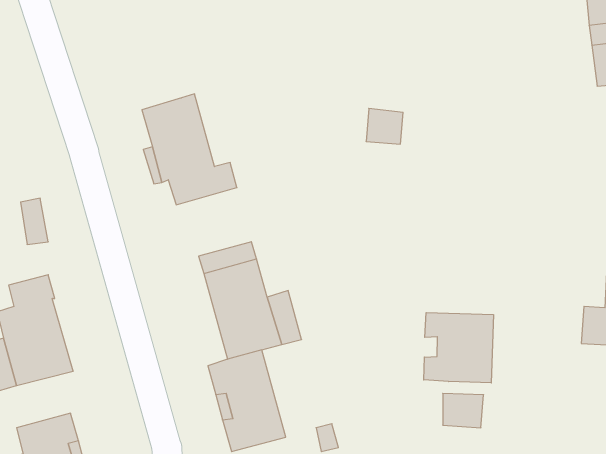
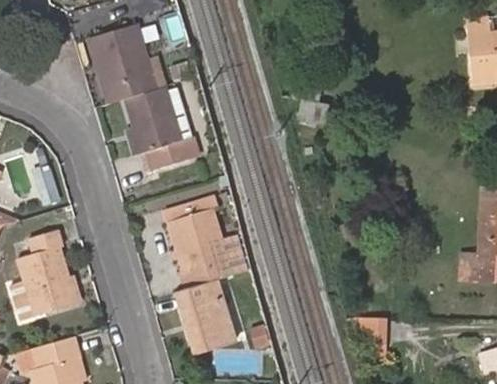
building: none -> [94,29,158,107]
building: [424,313,493,383] -> none

